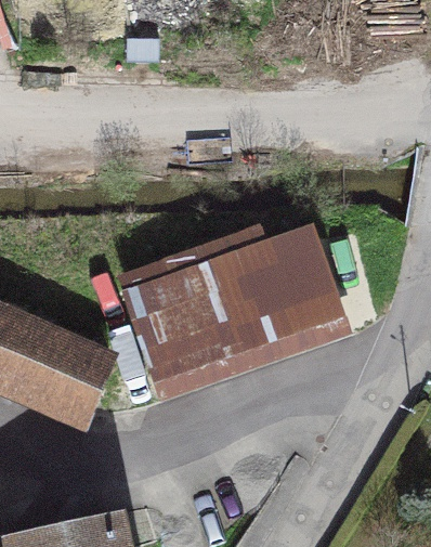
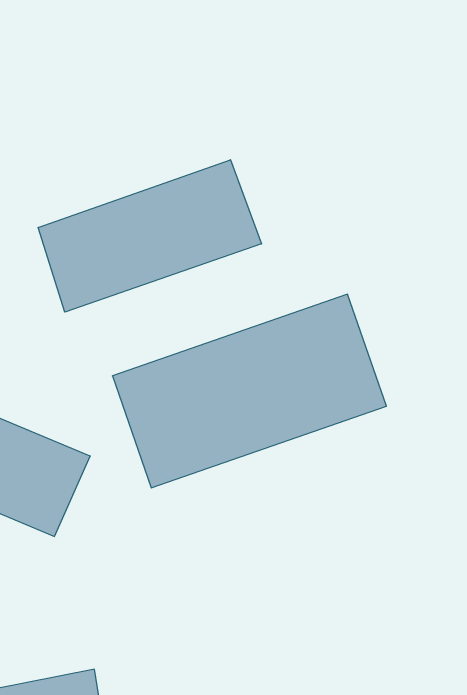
building: none -> [38,160,262,312]

